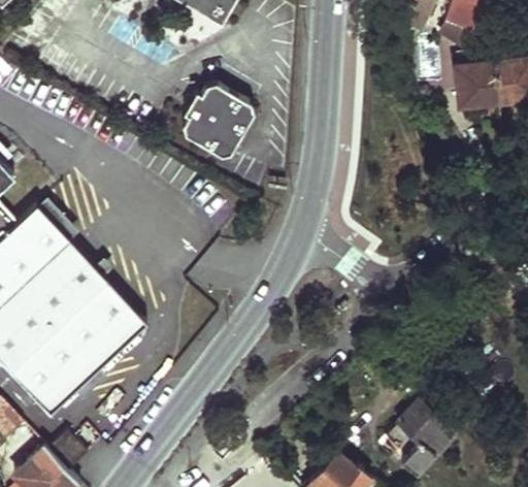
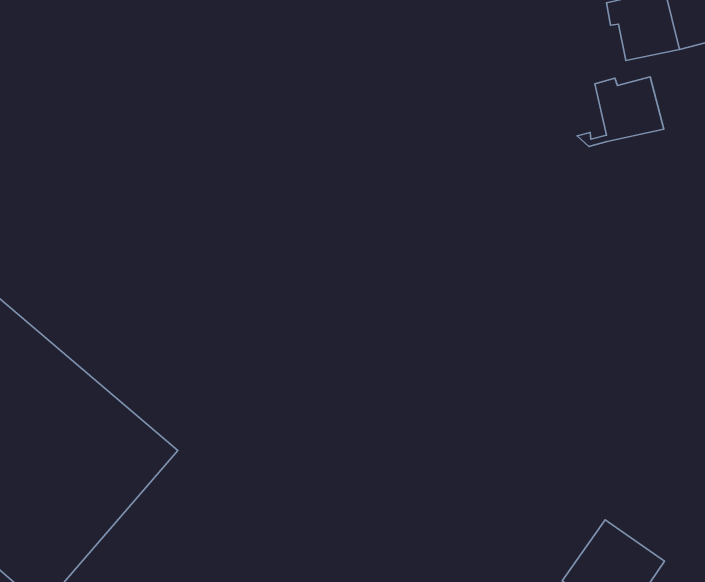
building: [183,85,253,158] -> none
building: none -> [577,77,664,147]

